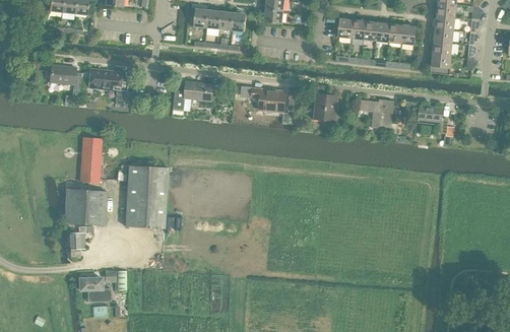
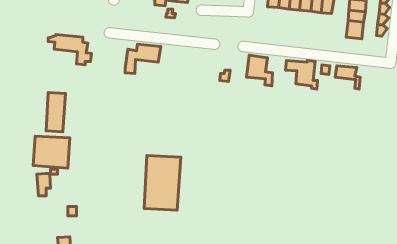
building: [49,64,80,88] -> none
building: [240,85,284,112] -> none
building: [124,163,167,227] -> [144,156,181,210]
building: [78,276,110,301] -> none

